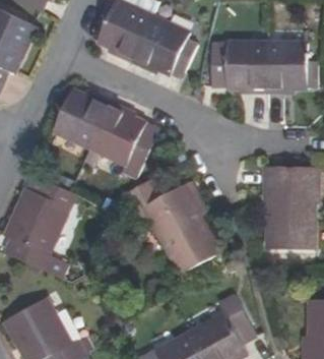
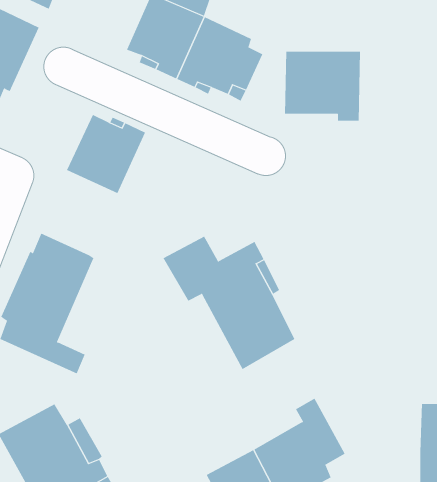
building: [266,43,317,94] -> none
building: [90,102,157,176] -> none
building: [263,167,318,249] -> none

